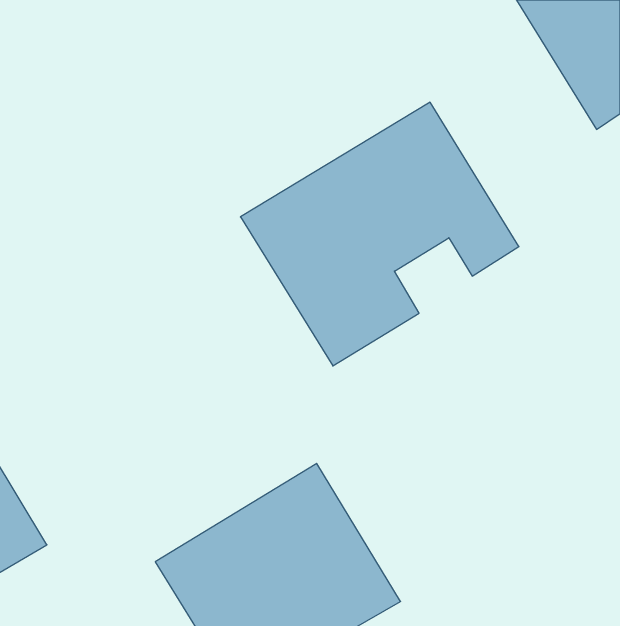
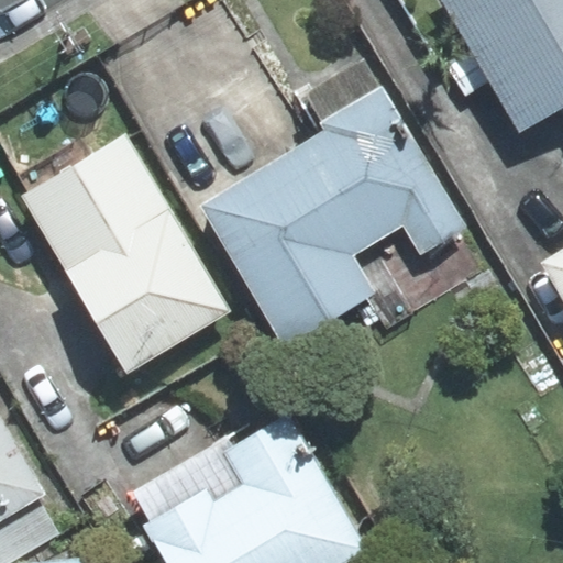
building: none -> [26,147,223,367]

